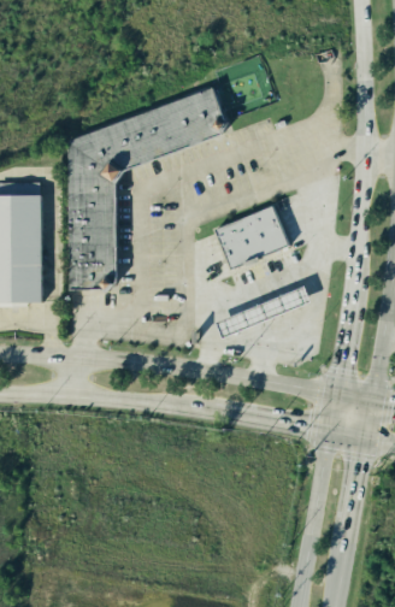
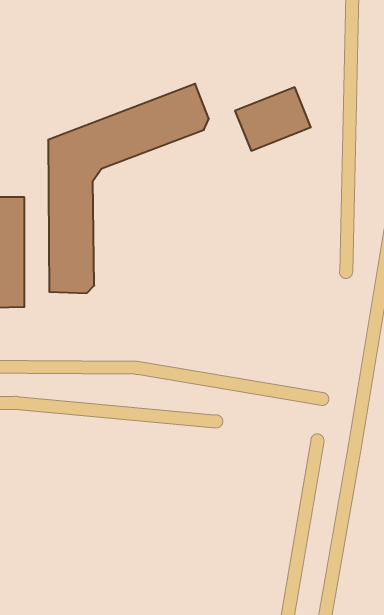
building: [214,206,288,267] -> [235,87,311,151]
building: [220,288,316,338] -> none

